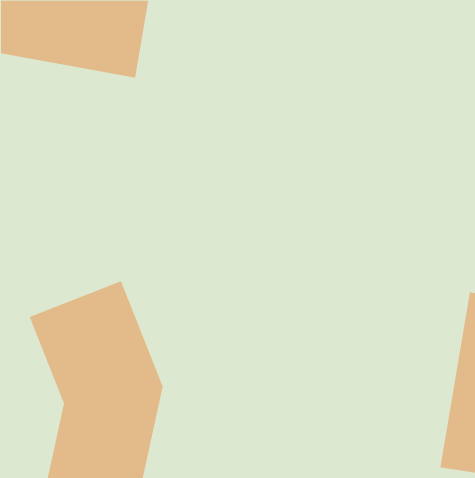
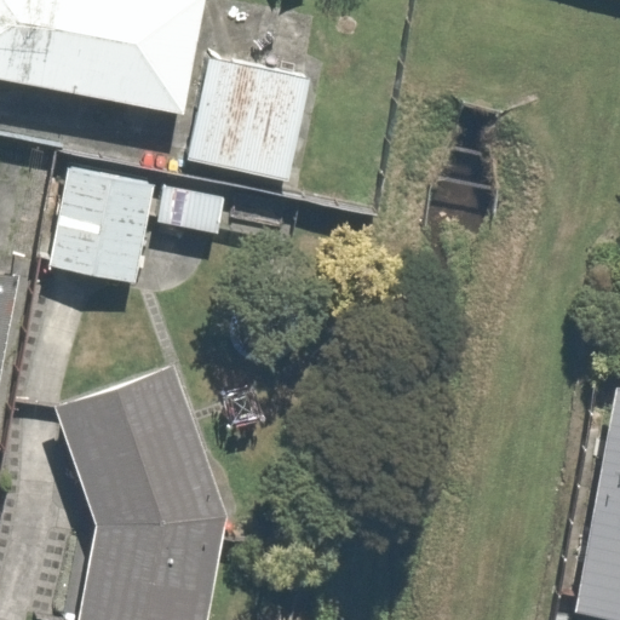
building: none -> [190,53,317,179]
building: none -> [53,166,163,287]

